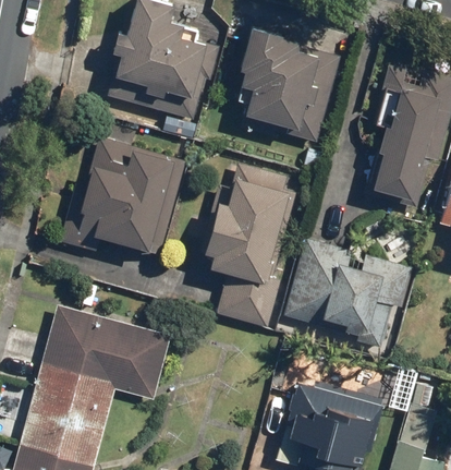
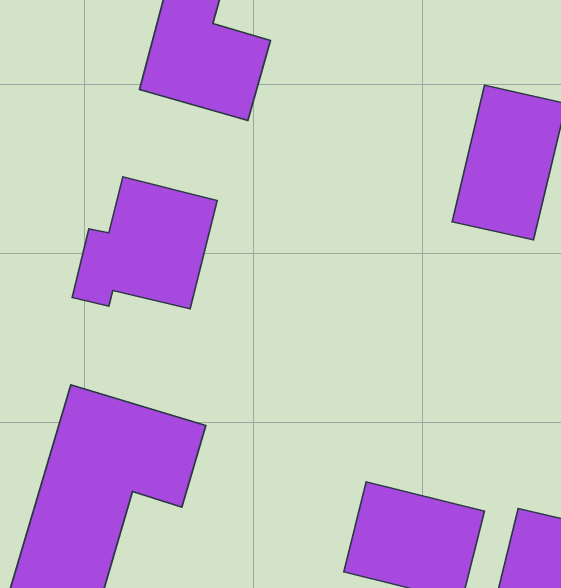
building: [237,34,337,126] -> none
building: [198,166,304,326] -> none
building: [290,245,407,344] -> none

